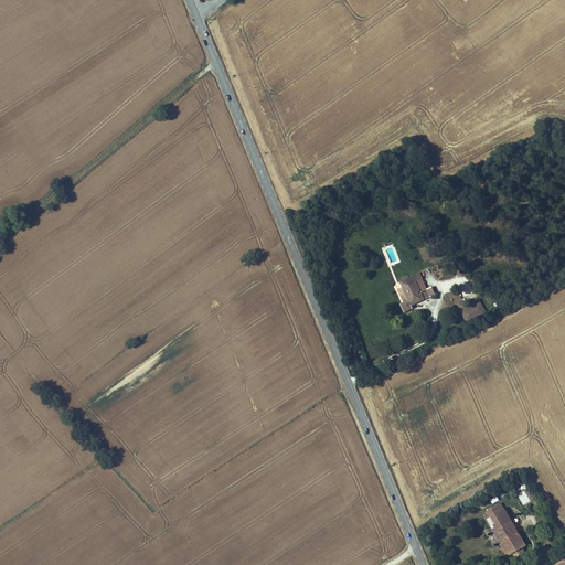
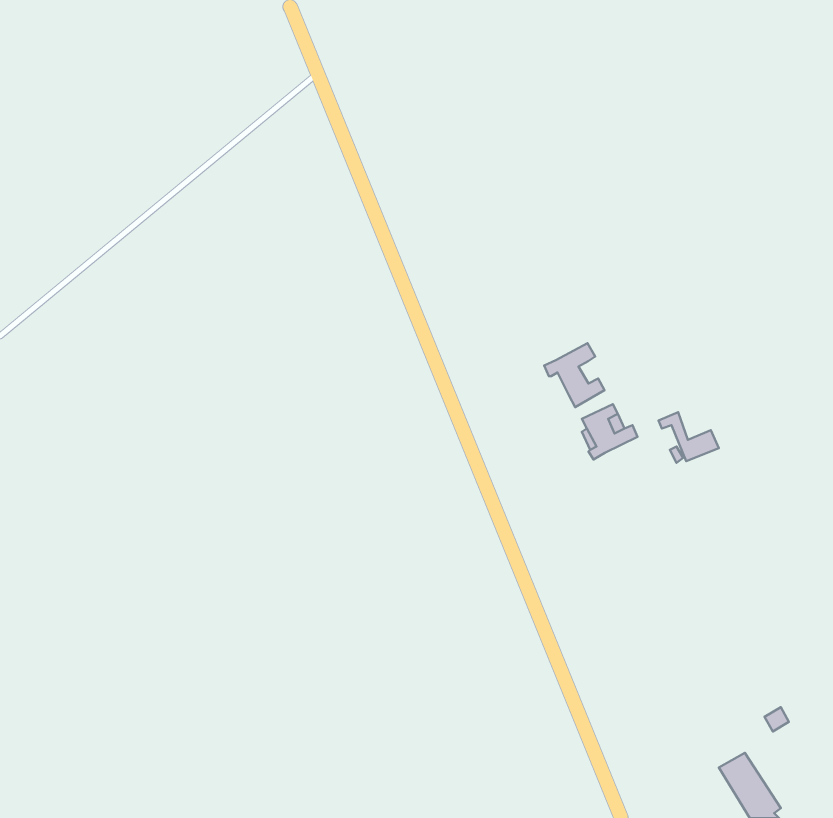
building: none -> [544,343,604,407]

